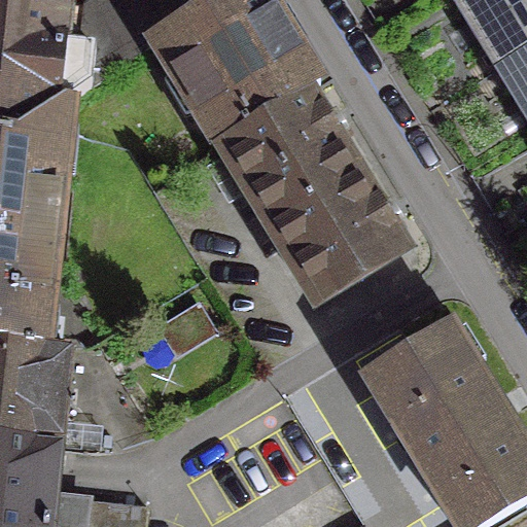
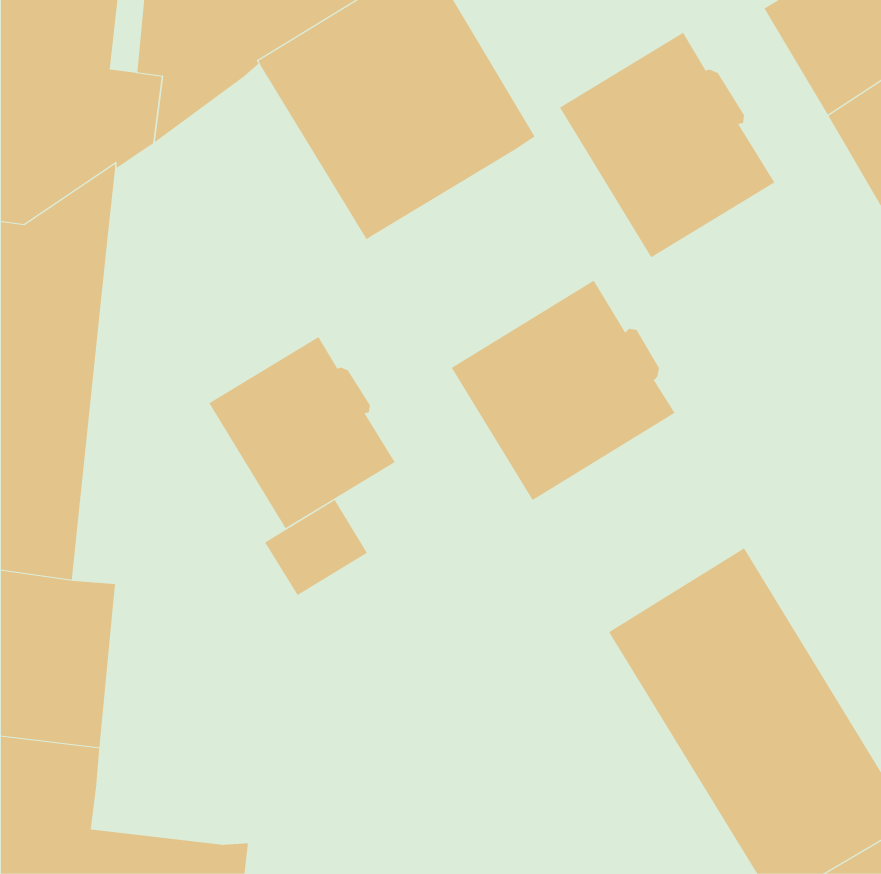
building: none -> [559,32,775,258]
building: [222,90,355,219] -> none
building: none -> [208,336,396,529]

